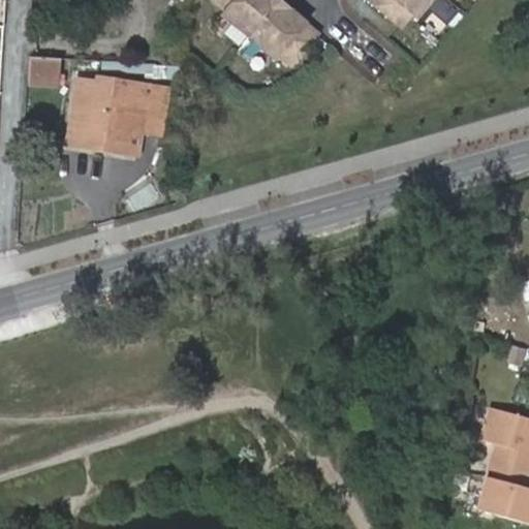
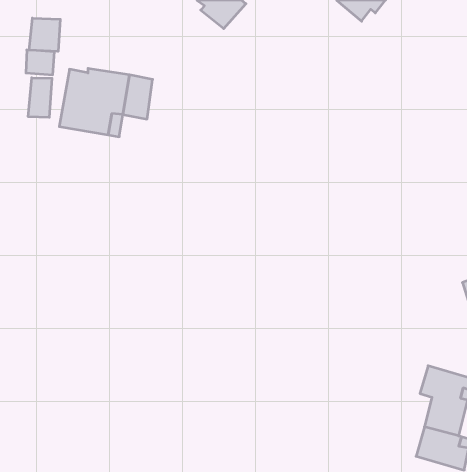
building: [256,4,322,60] -> none
building: none -> [29,18,60,51]
building: none -> [28,78,52,117]

